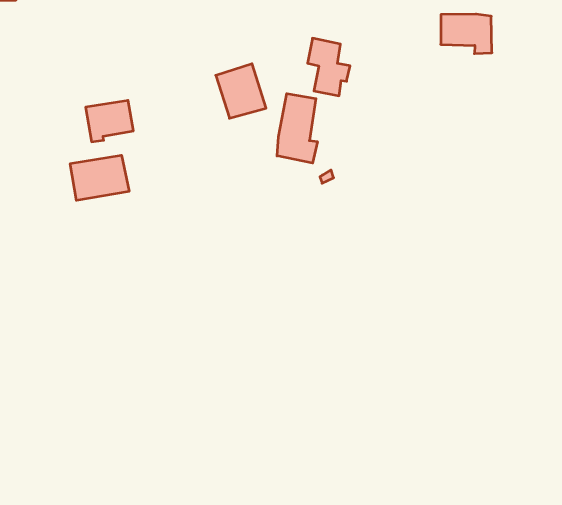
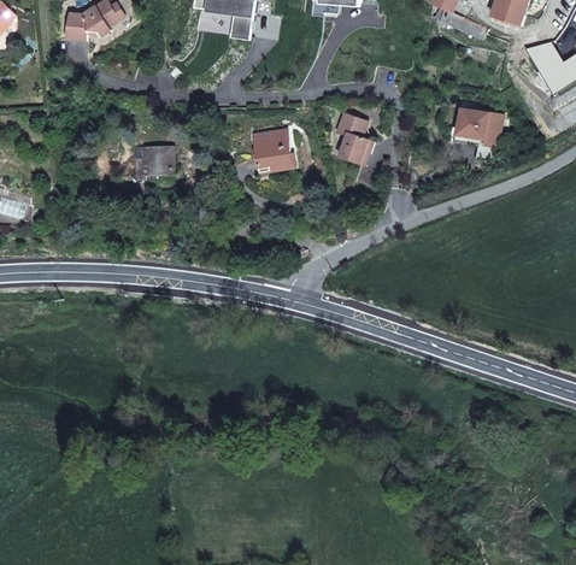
building: [277,94,317,163] -> none
building: [70,155,129,200] -> none

